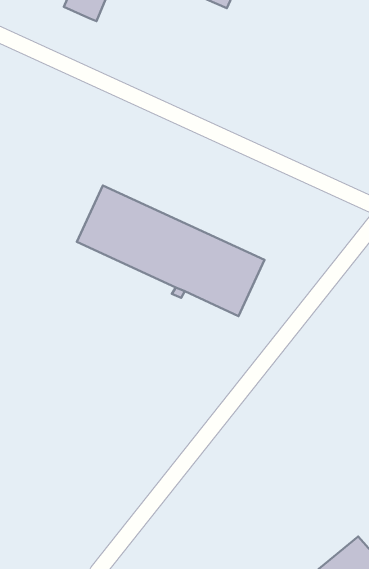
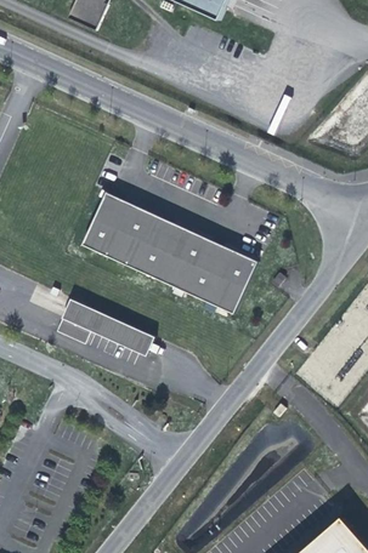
building: none -> [57,298,155,355]

